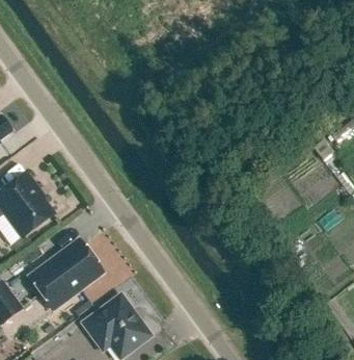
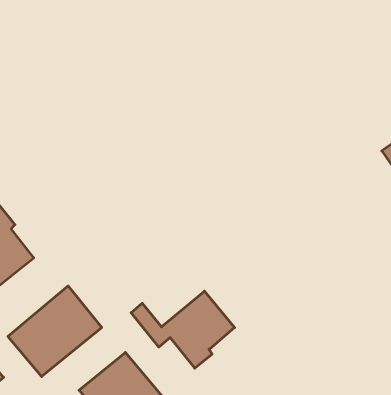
building: none -> [131,291,235,368]

